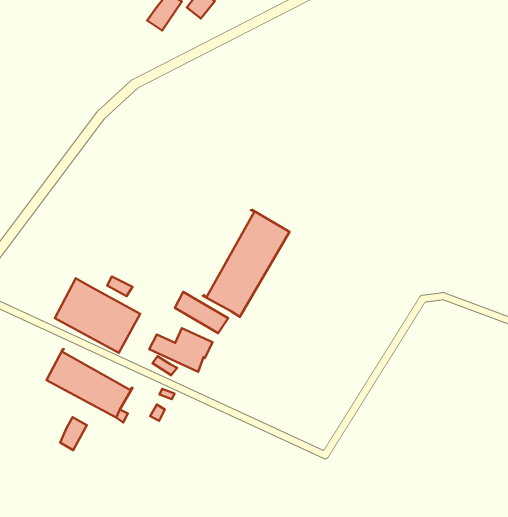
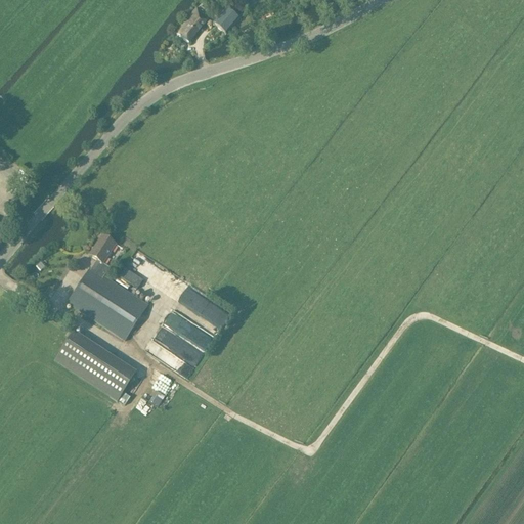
building: [203,210,289,317] -> none
building: none -> [90,233,116,274]
building: [60,417,87,450] -> none

